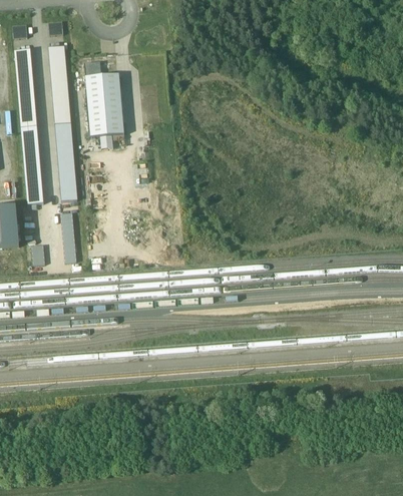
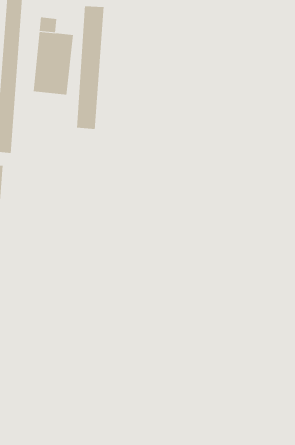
building: none -> [77,6,104,130]

